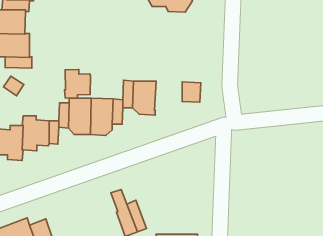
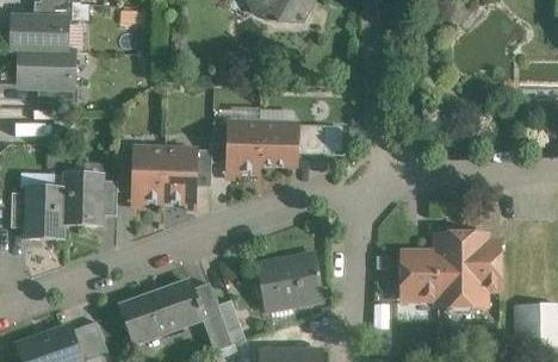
building: [65,70,90,98] -> none
building: none -> [258,121,298,164]
building: none -> [401,232,500,305]
building: none -> [260,254,320,307]
building: none -> [119,280,204,339]

